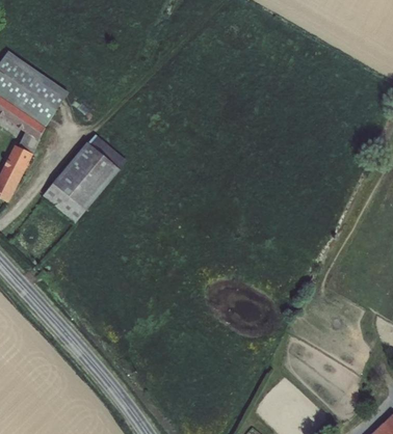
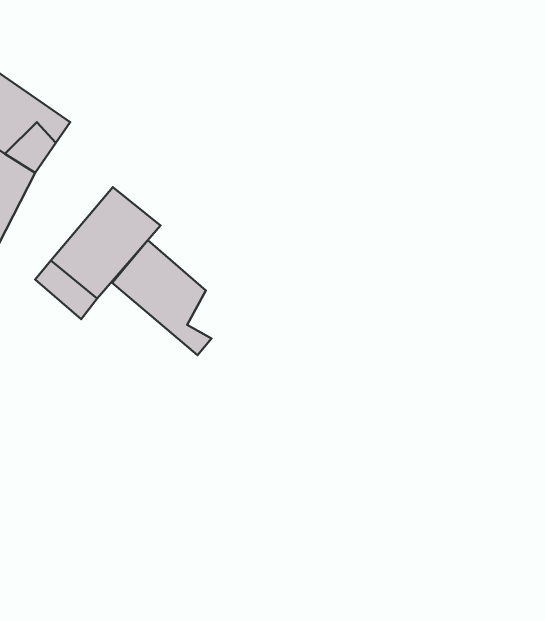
building: none -> [112,240,212,355]

